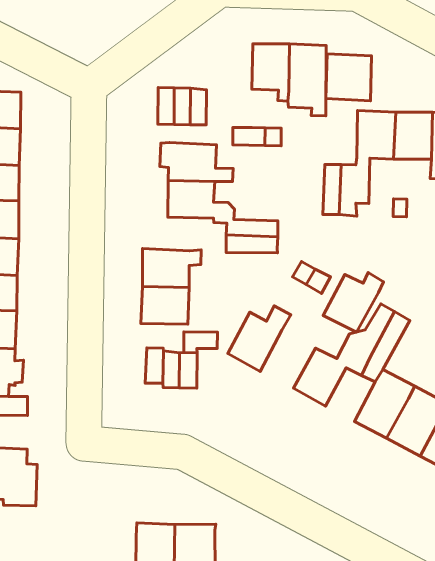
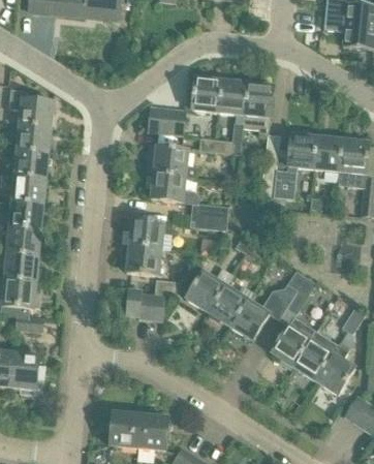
building: none -> [191,79,220,113]
building: [326,54,372,101] -> none
building: [323,273,384,332] -> [208,284,252,326]

